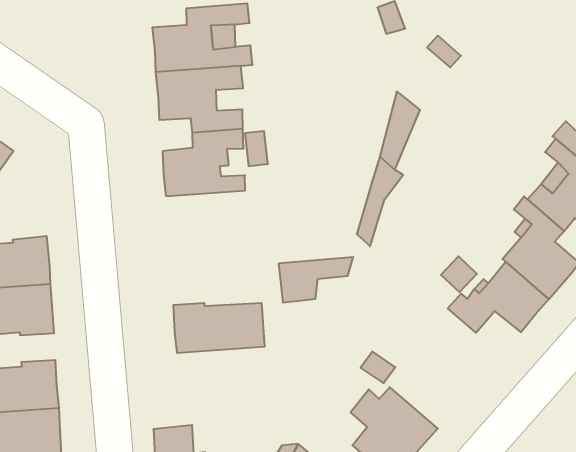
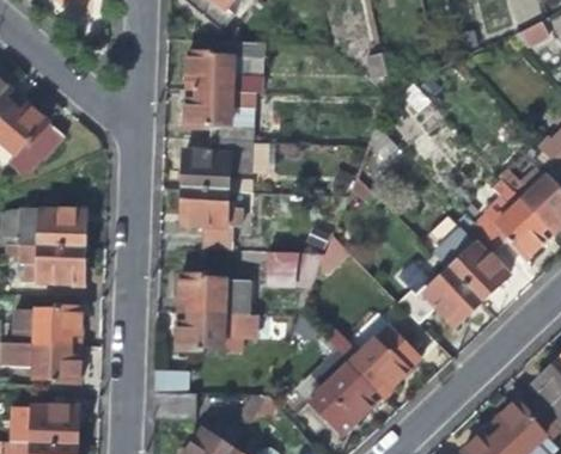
building: none -> [183,186,252,249]
building: none -> [346,324,421,394]
building: none -> [177,312,258,351]

